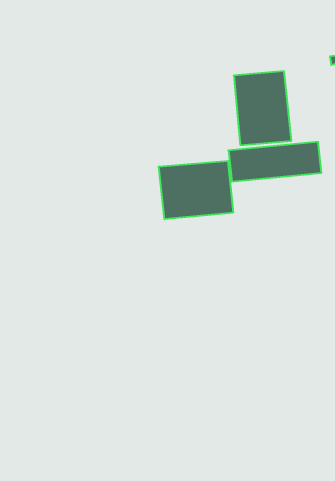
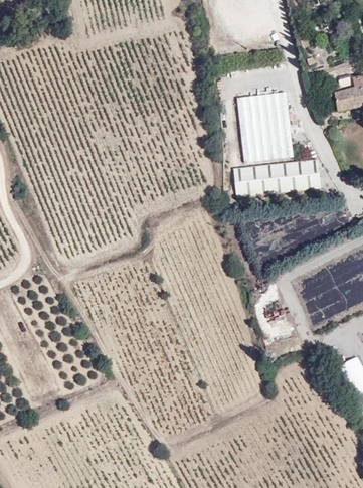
building: [159,161,233,219] -> none

